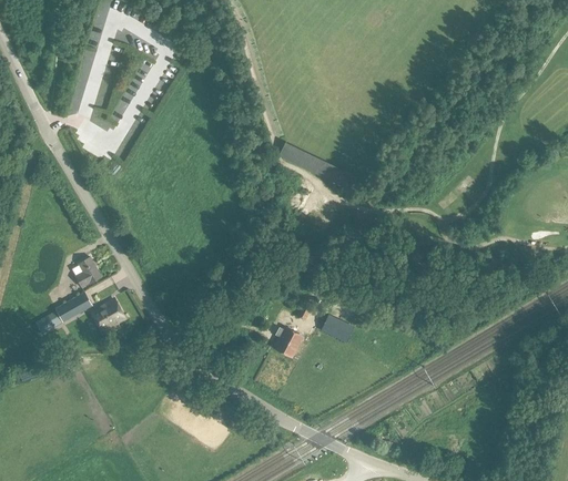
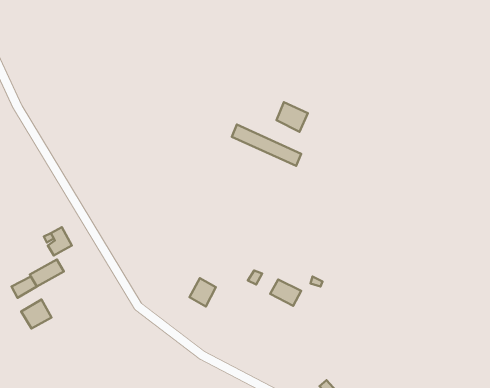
building: none -> [276,102,308,132]
building: [92,299,125,331] -> [21,299,51,329]
building: [274,327,303,358] -> [190,278,216,306]

